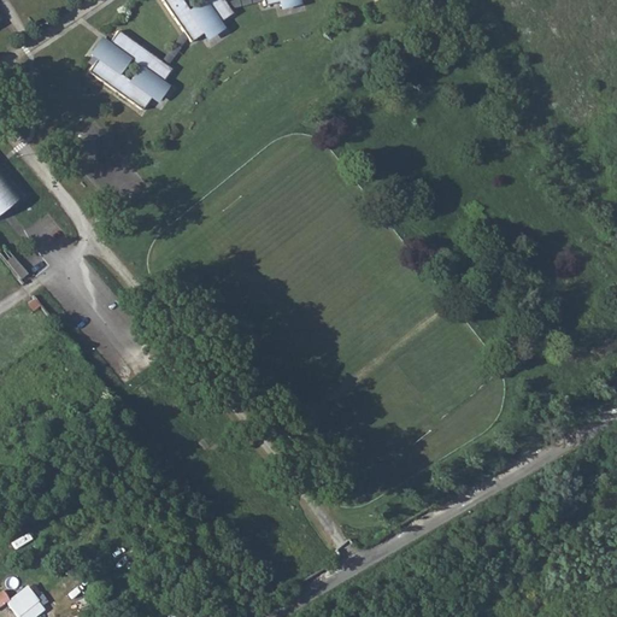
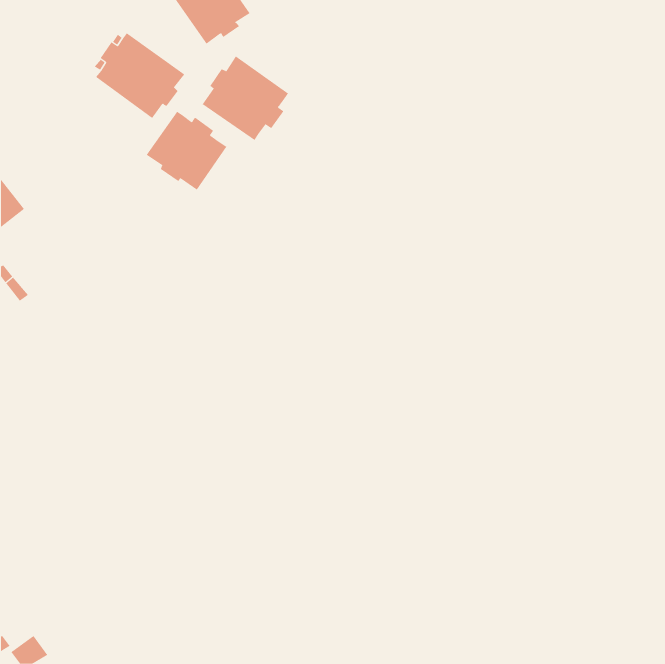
building: none -> [202,55,289,141]
building: none -> [146,111,227,191]

